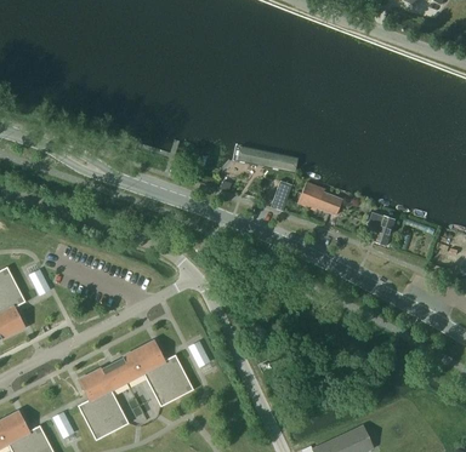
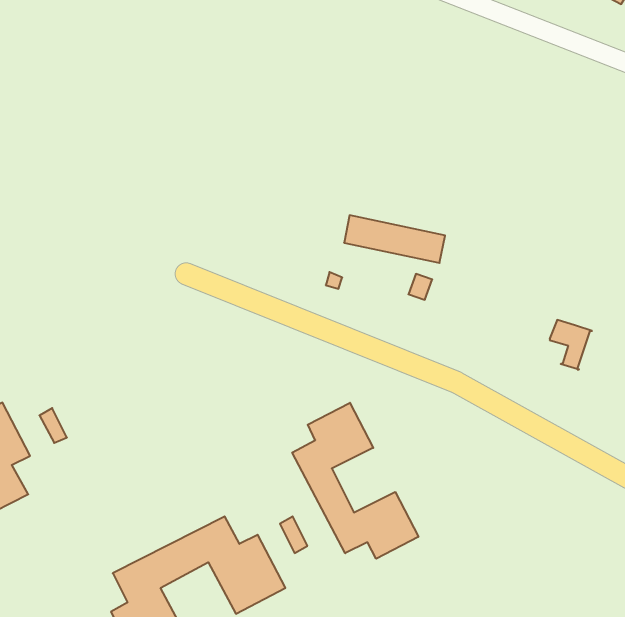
building: [297,182,342,216] -> none
building: none -> [292,403,418,559]

